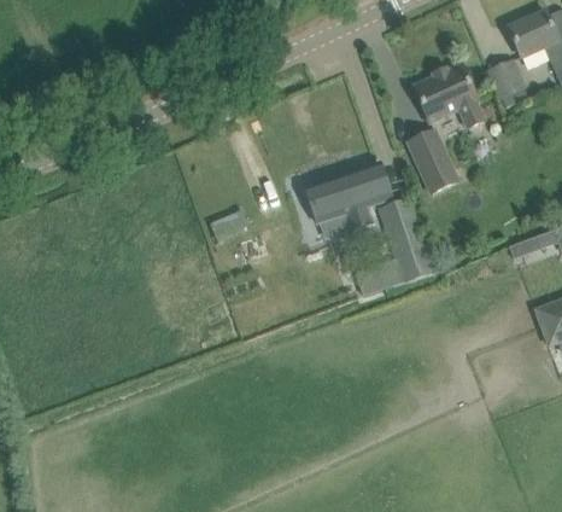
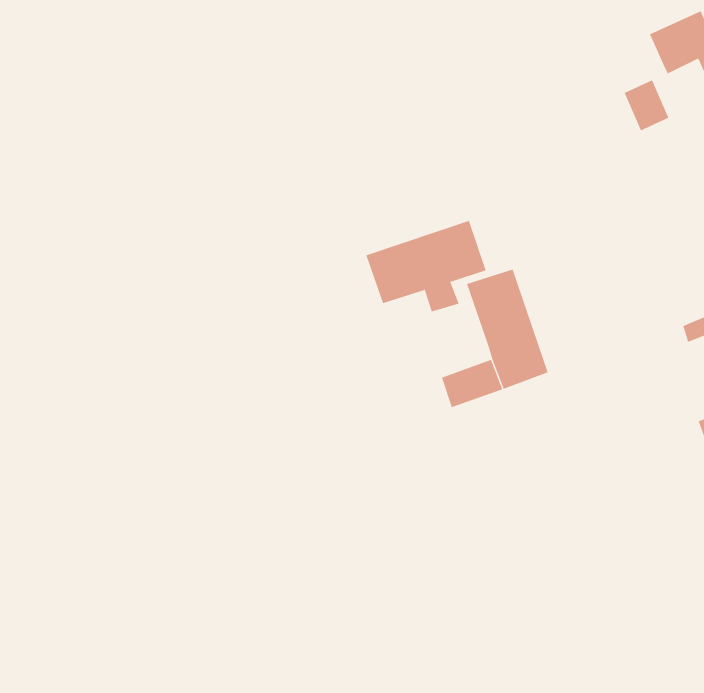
building: [412,64,482,127] -> none
building: [408,129,456,193] -> none

